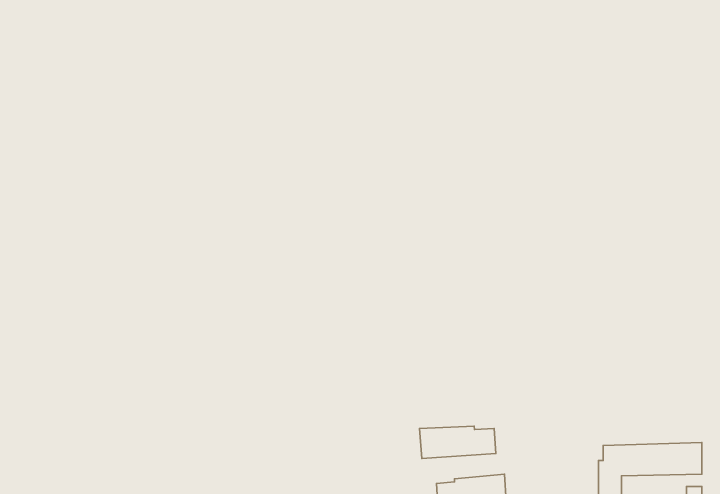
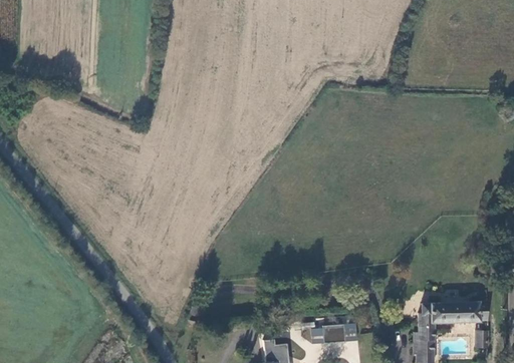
building: [419,426,496,459] -> none

